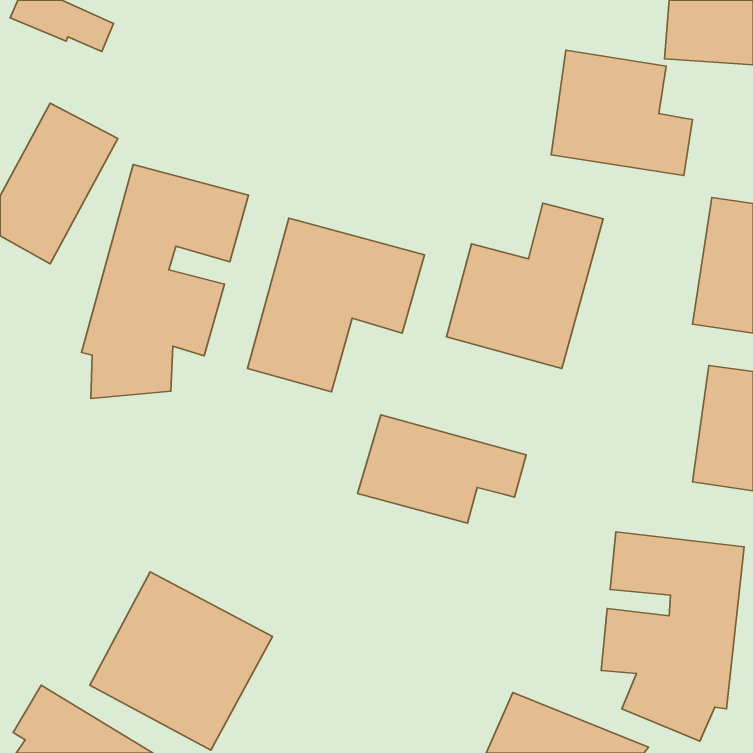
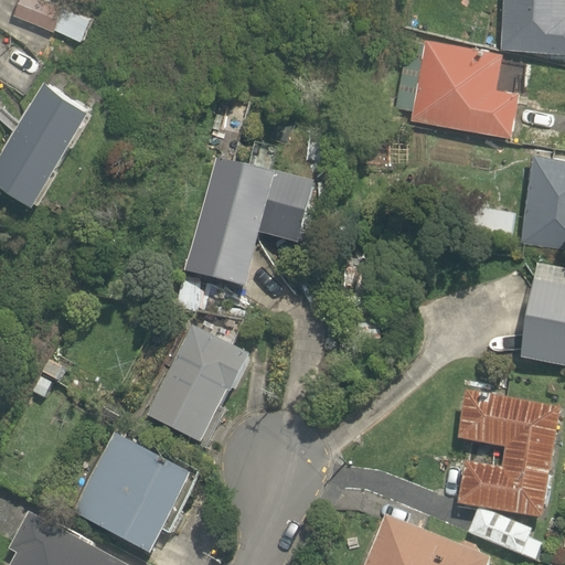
building: [81,165,249,398] -> none
building: [446,203,603,369] -> none
building: [357,415,526,523] -> none
building: none -> [143,326,248,450]

